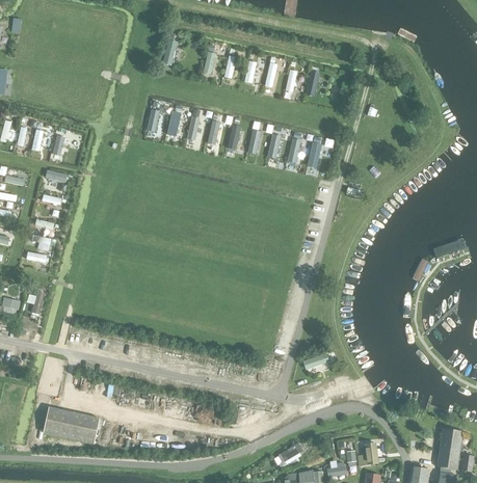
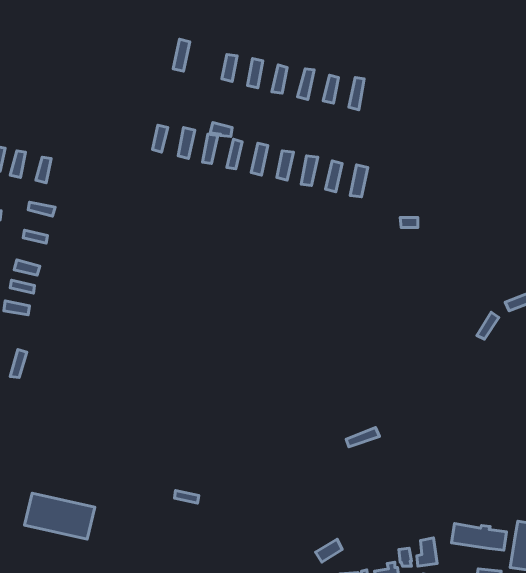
building: none -> [452,523,507,550]

